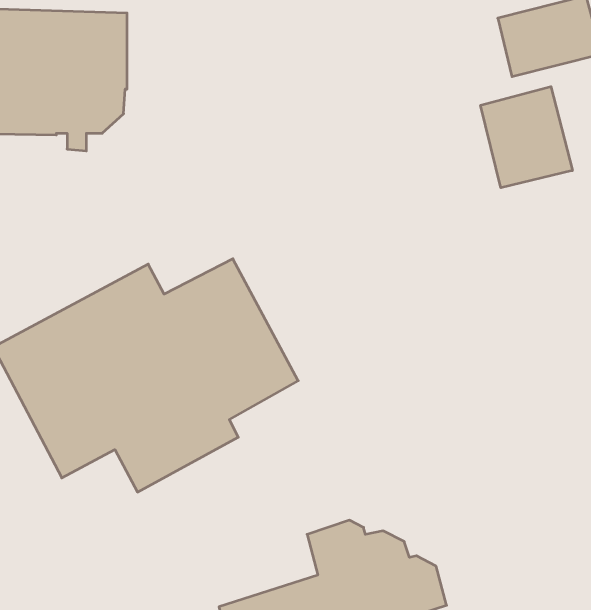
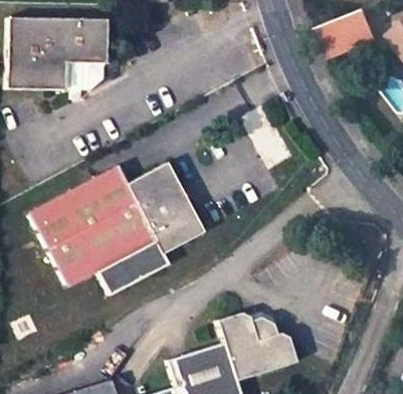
building: [481,87,572,188] -> none

